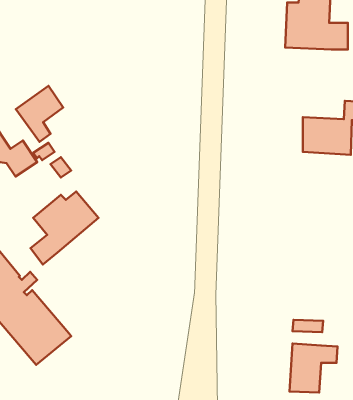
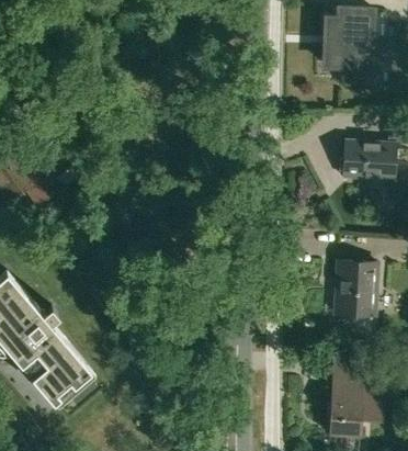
building: [16,86,63,142] -> none
building: [31,192,99,265] -> none
building: none -> [335,261,376,330]

